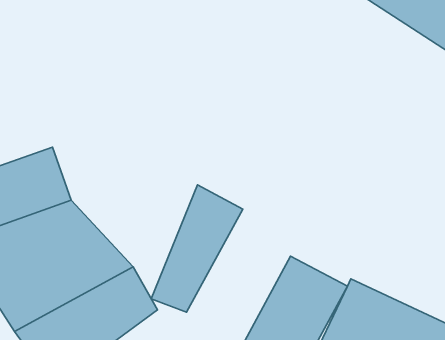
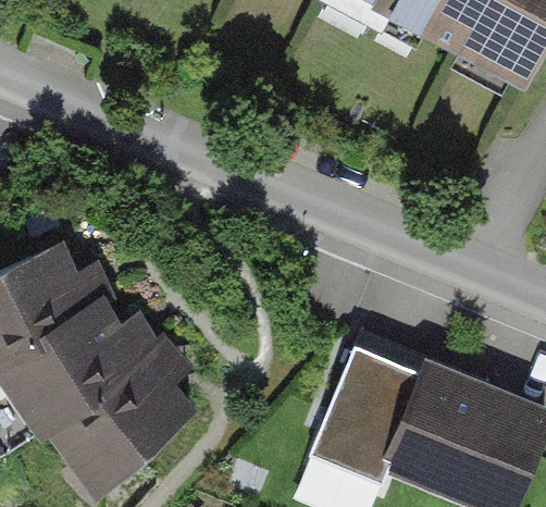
building: [151,185,243,312] -> none

